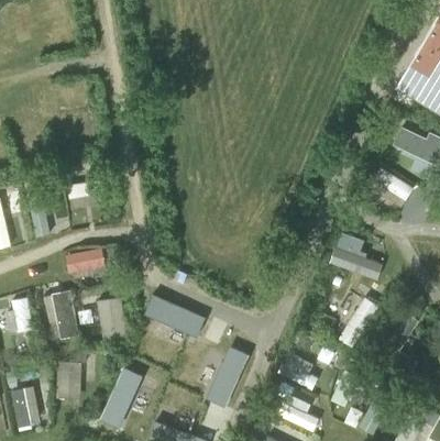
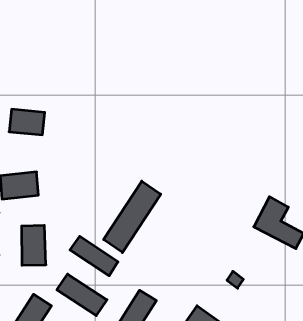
building: none -> [104,181,161,253]
building: [340,294,375,345] -> none
building: none -> [57,274,107,316]

